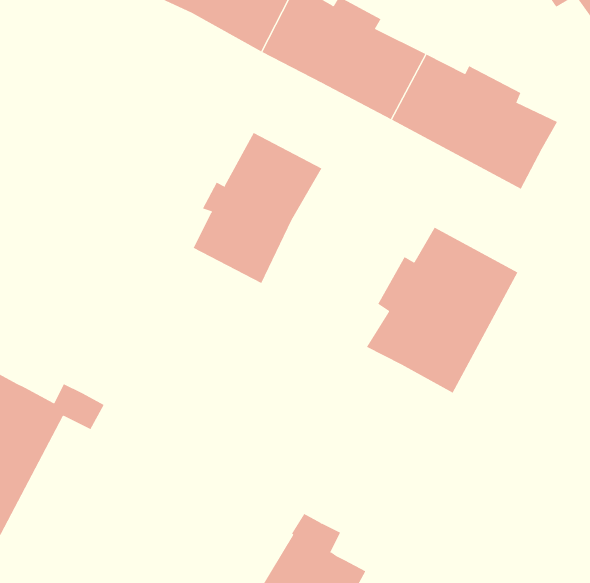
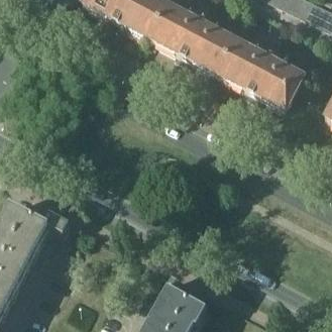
building: [193,132,322,284] -> none
building: [366,227,518,393] -> none

